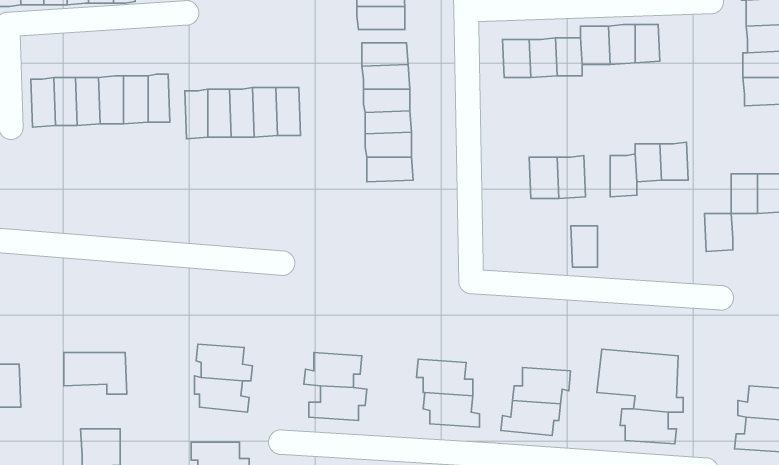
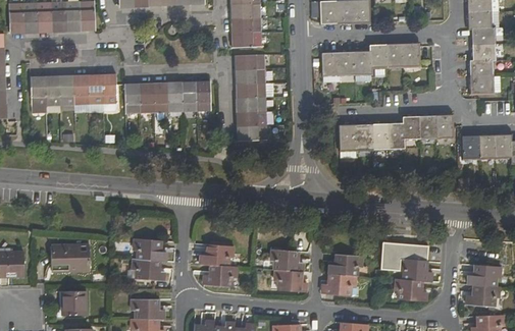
building: none -> [196,80,211,111]
building: [705,213,733,252] -> [434,115,452,139]
building: [571,226,597,267] -> [371,123,388,149]

